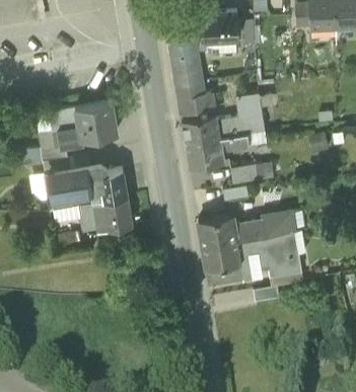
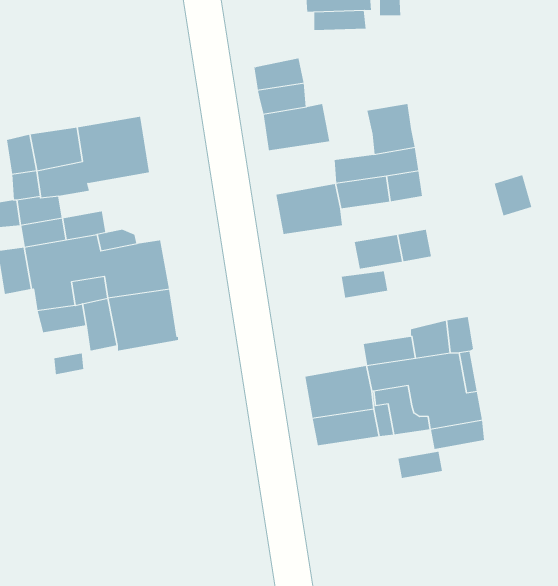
building: [171,38,200,70] -> none
building: [183,111,220,141] -> none
building: [199,213,237,242] -> none

